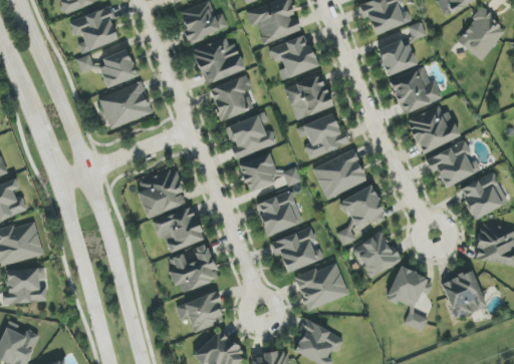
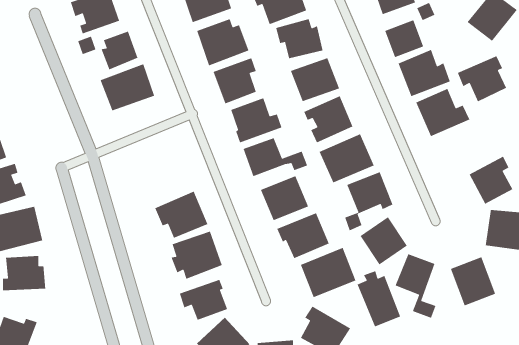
building: [426,141,475,188] -> [457,55,507,102]
building: [137,168,187,219] -> none
building: none -> [356,270,401,328]

